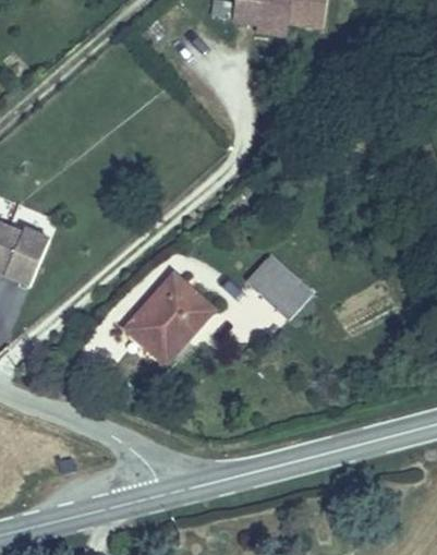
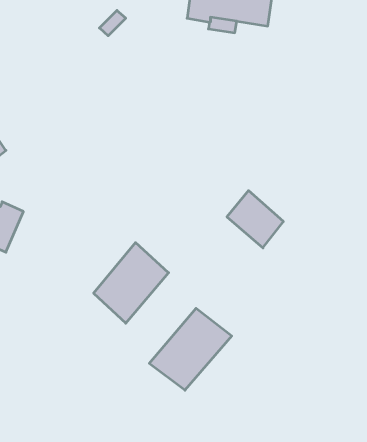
building: [248,253,312,317] -> [227,191,283,248]
building: none -> [149,308,232,390]

